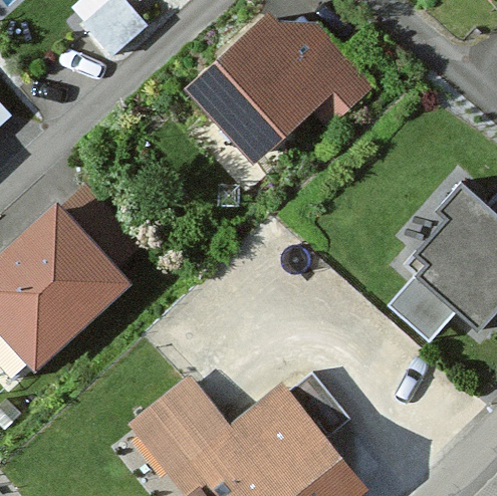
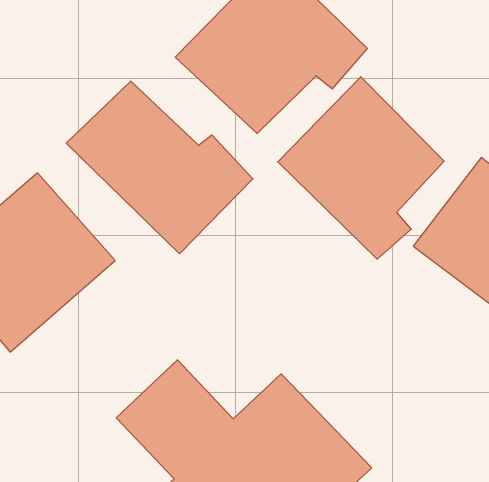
building: none -> [278,77,444,259]
building: none -> [66,81,253,254]

